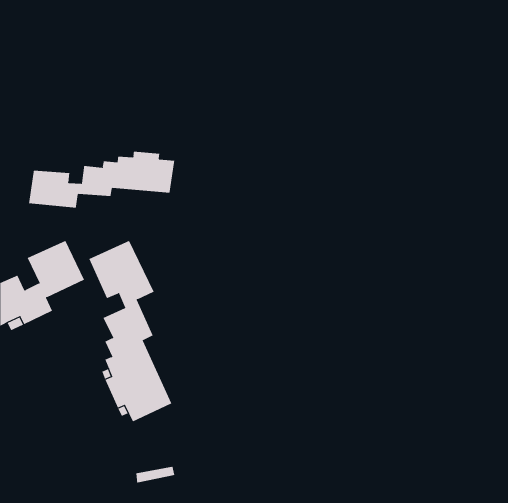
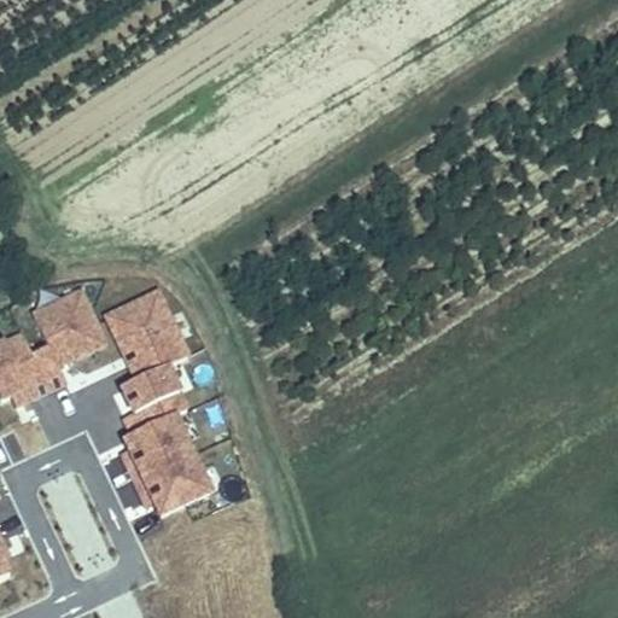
building: [29,151,175,209] -> none

